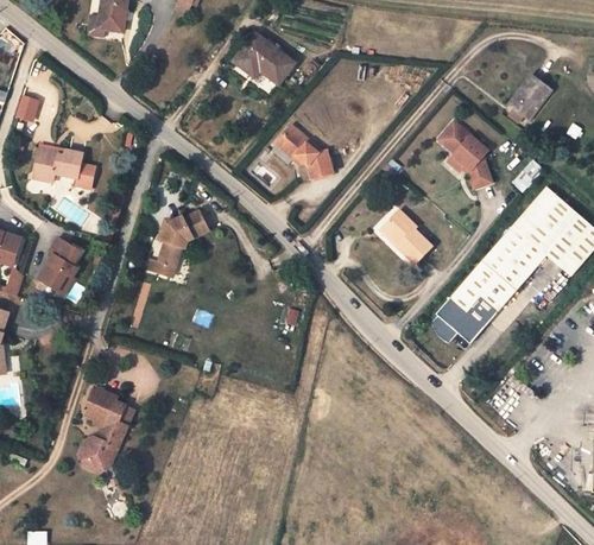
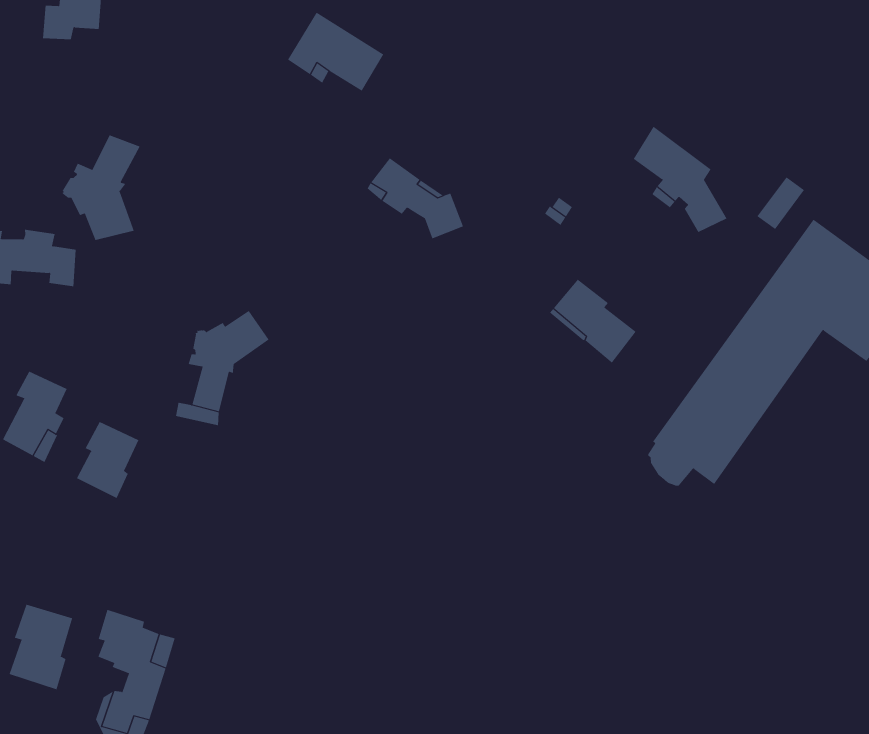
building: [510,75,550,120] -> none
building: none -> [61,135,140,241]
building: none -> [76,421,139,499]
building: none -> [9,604,73,690]

